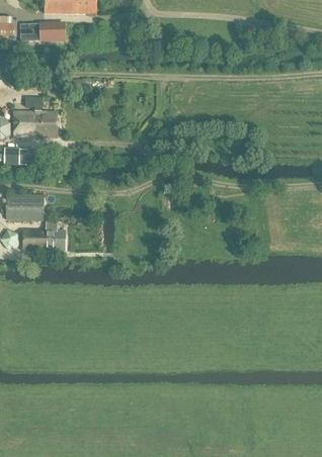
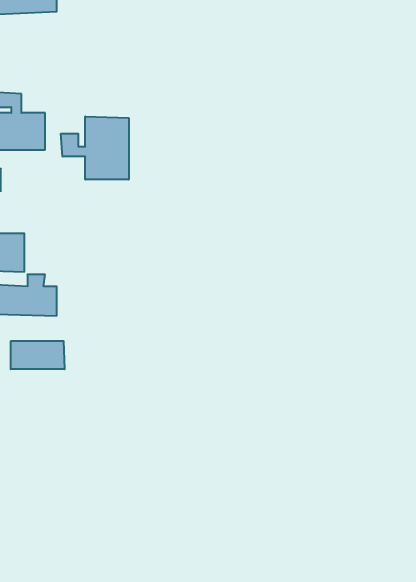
building: none -> [61,116,129,180]
building: none -> [11,341,65,369]

